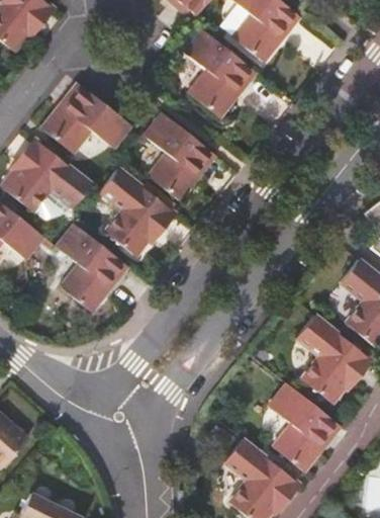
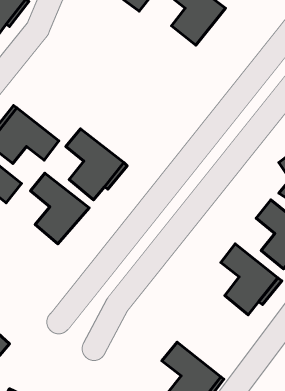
building: [185,29,258,118] -> none
building: [43,83,133,155] -> none
building: [145,112,217,201] -> none
building: [266,380,340,470] -> none

